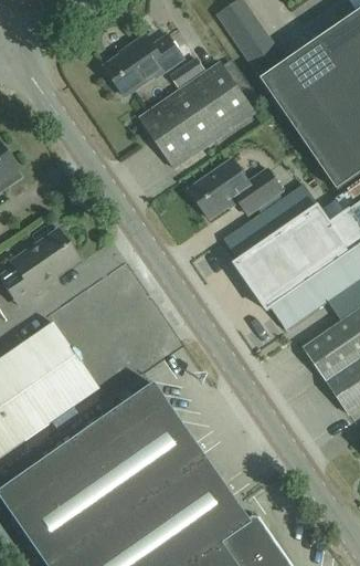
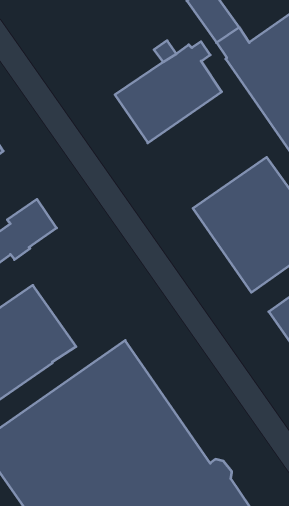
building: [105,34,184,96] -> none
building: [190,158,283,219] -> none

